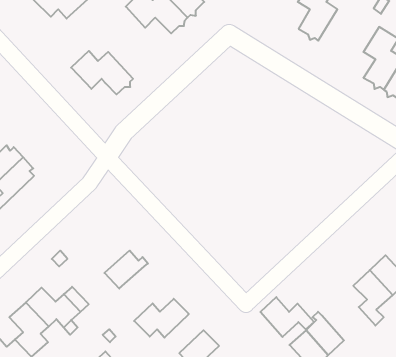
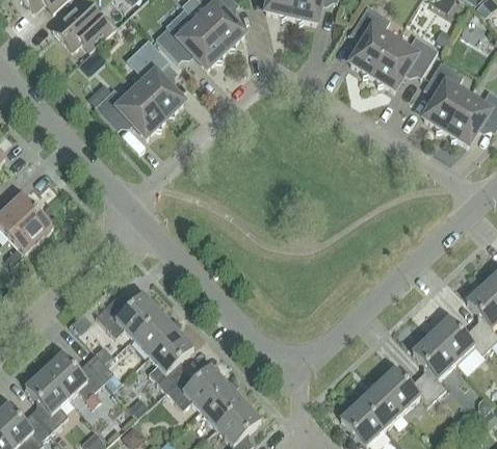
building: none -> [372,34,438,89]
building: none -> [136,49,183,118]
building: none -> [96,293,160,337]
building: none -> [149,329,193,391]
building: [260,297,314,337] -> [376,368,437,413]
building: none -> [200,379,243,427]

